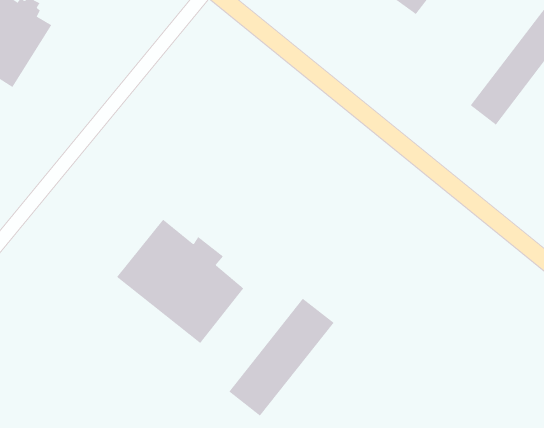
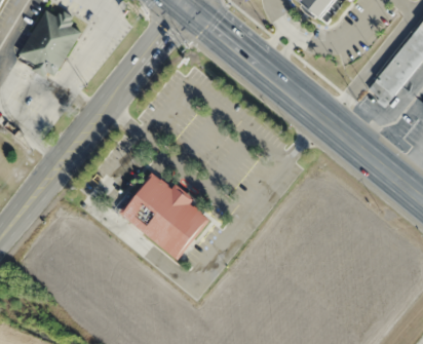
building: [228,298,335,417] -> none

